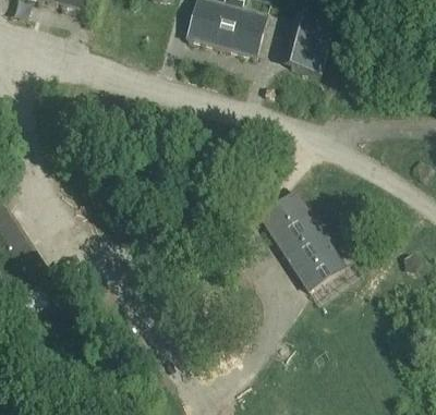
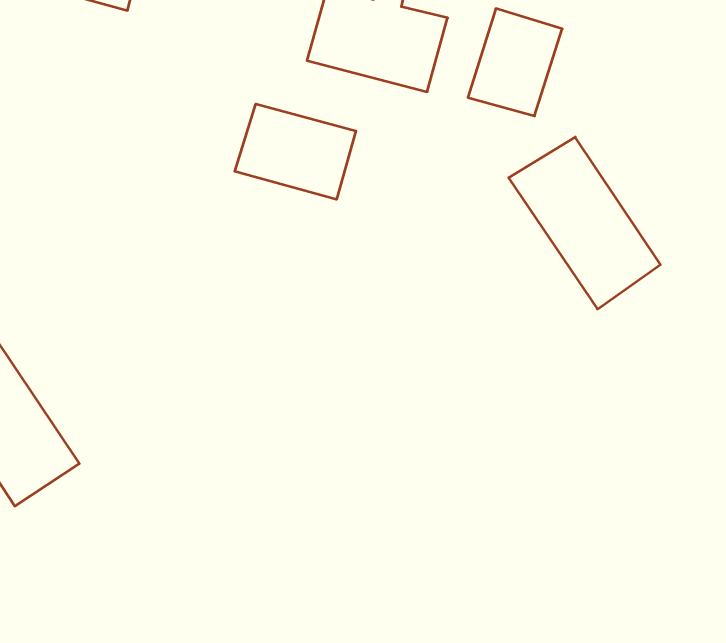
building: none -> [235,104,356,199]
building: [257,191,347,292] -> [509,137,660,309]

